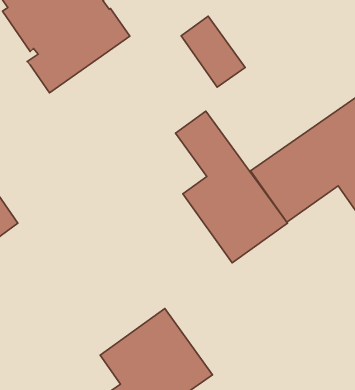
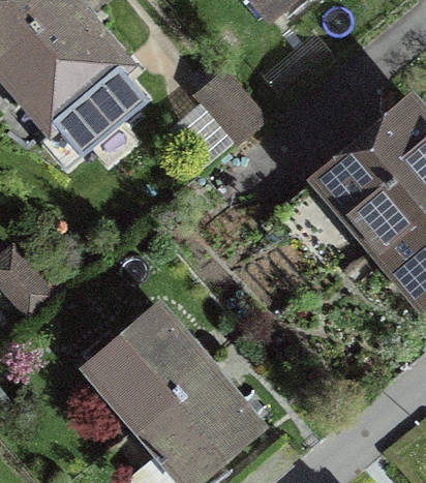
building: [175,111,288,263] -> none
building: none -> [88,305,207,417]

